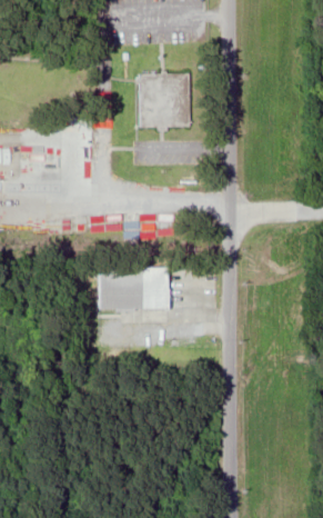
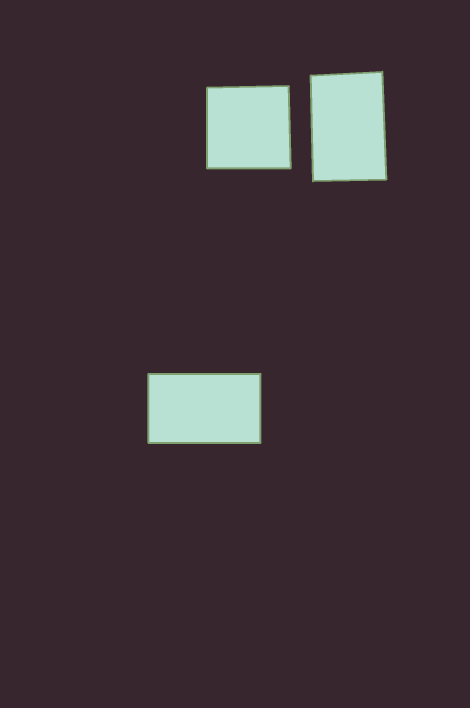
building: none -> [311,72,386,181]

